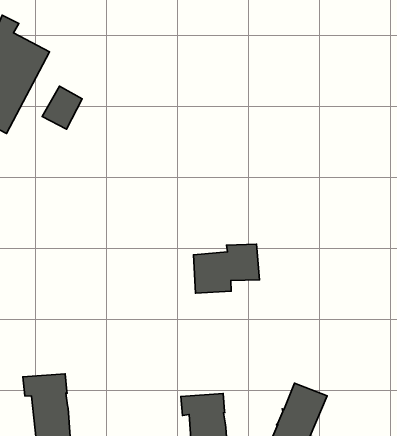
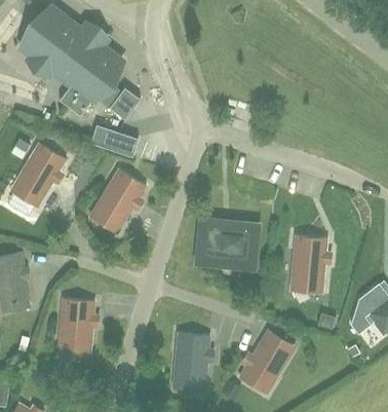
building: none -> [89,125,138,157]
building: none -> [98,168,145,226]
building: none -> [293,235,326,286]

